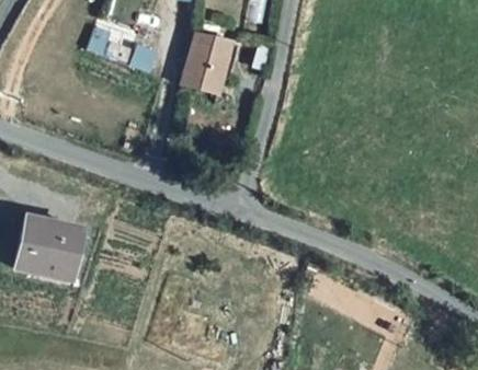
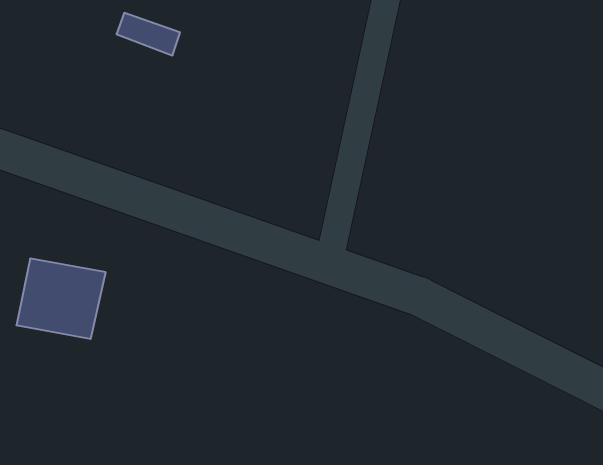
building: [184,35,235,95] -> none

